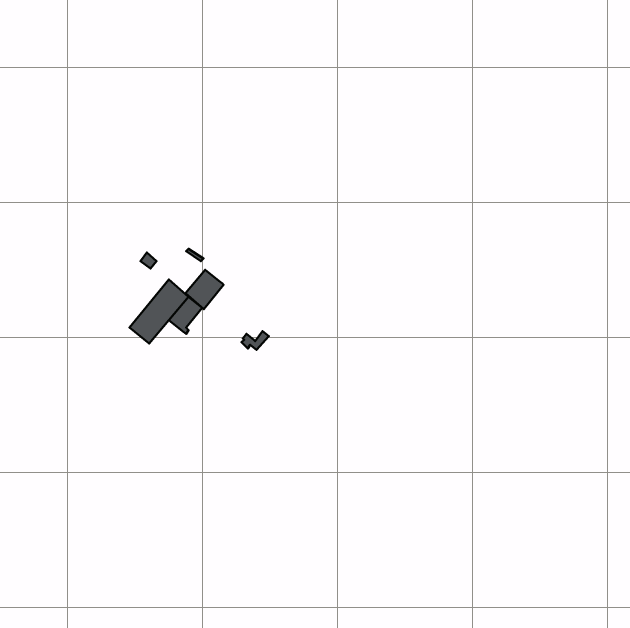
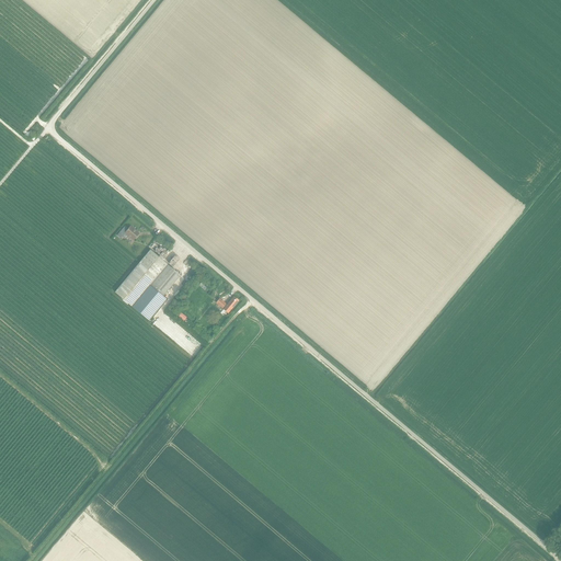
building: [185,270,224,309] -> [133,285,167,320]

